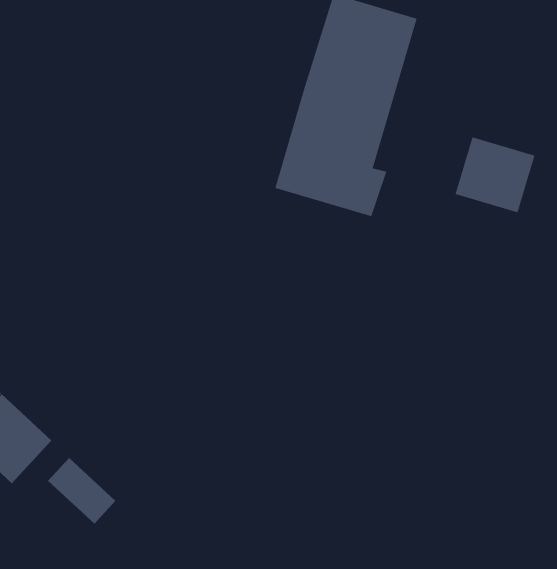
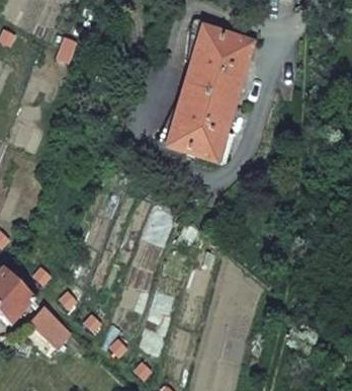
building: [455,137,535,213] -> none

